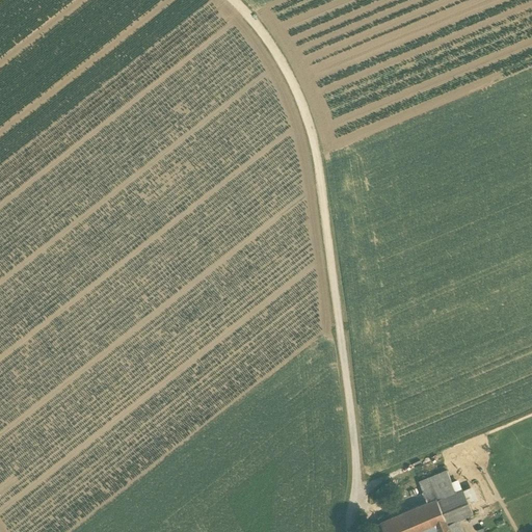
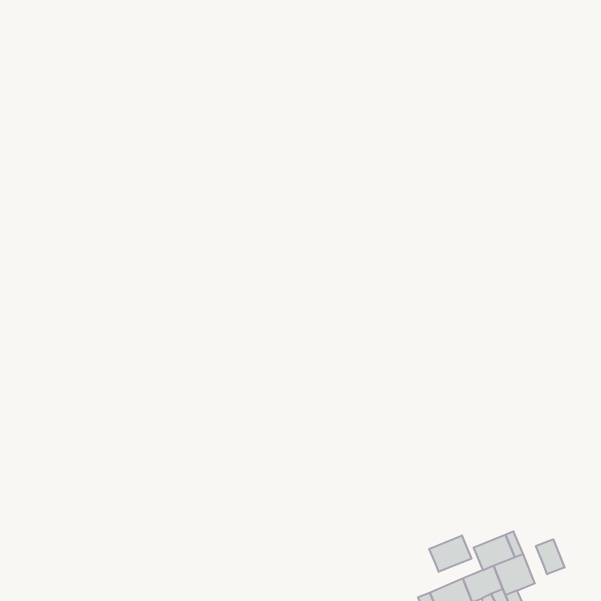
building: none -> [429,535,471,572]
building: none -> [536,539,565,574]

